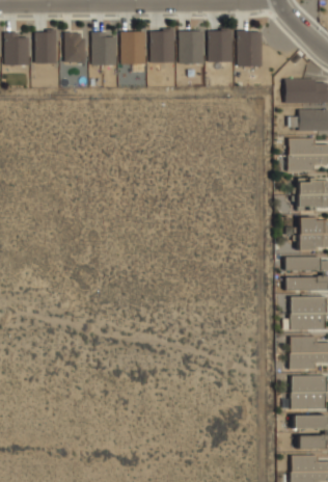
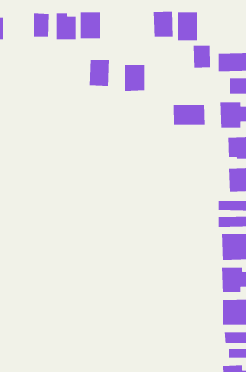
building: [151,29,175,62] -> [89,59,110,87]
building: [35,30,58,63] -> none
building: [180,30,204,63] -> [124,64,145,92]
building: none -> [193,45,211,68]
building: none -> [173,104,205,126]

